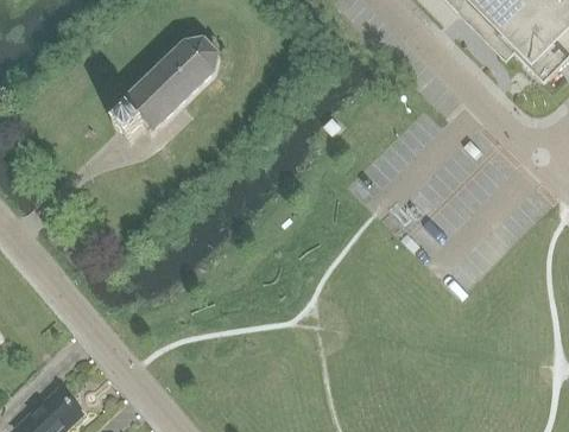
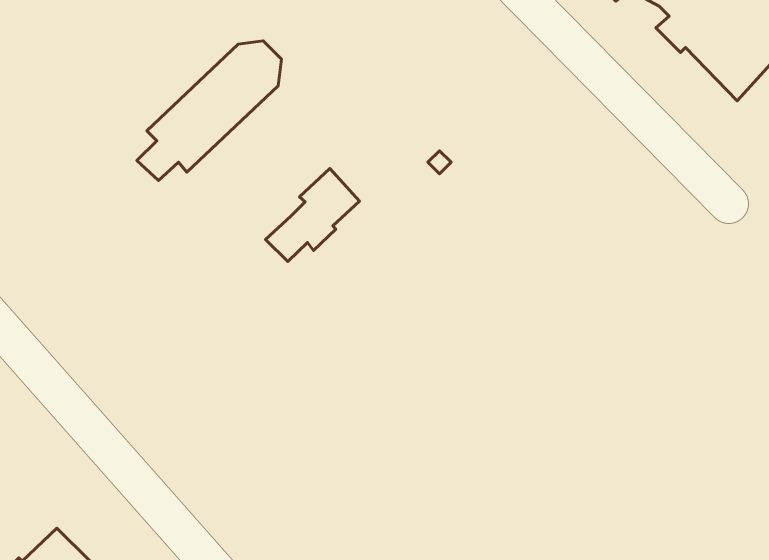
building: none -> [266,169,359,261]

